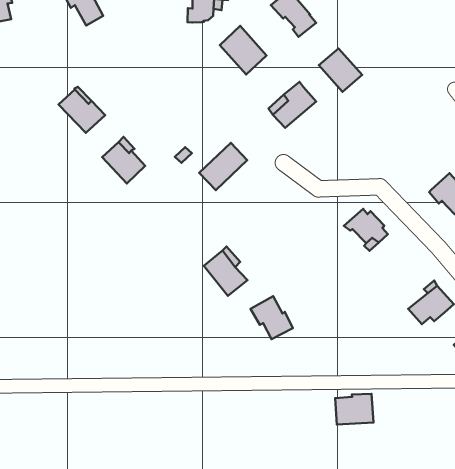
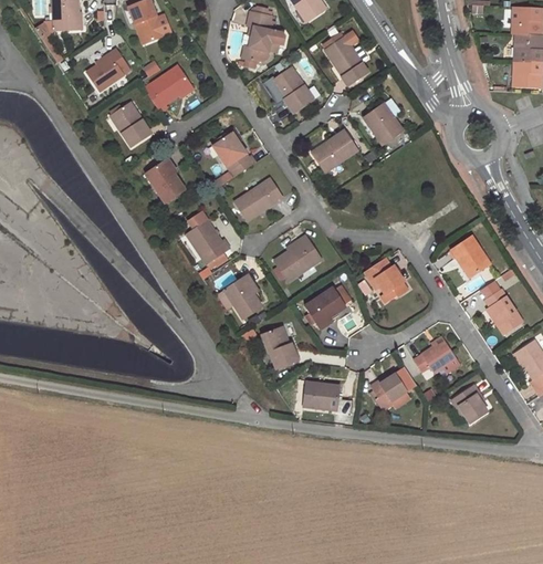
building: none -> [85,49,127,93]
building: none -> [143,63,189,109]
building: none -> [209,133,254,178]
building: none -> [278,237,327,284]
building: none -> [188,222,228,263]
building: none -> [309,291,352,330]
building: none -> [372,373,411,412]
building: [335,394,373,424] -> [304,383,342,412]

